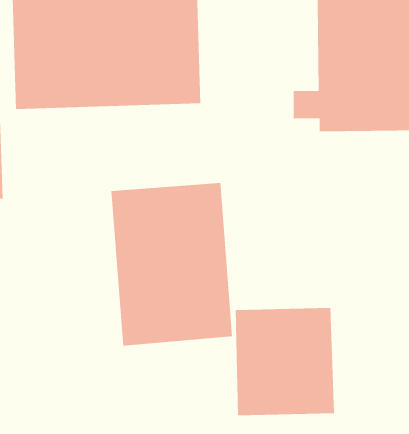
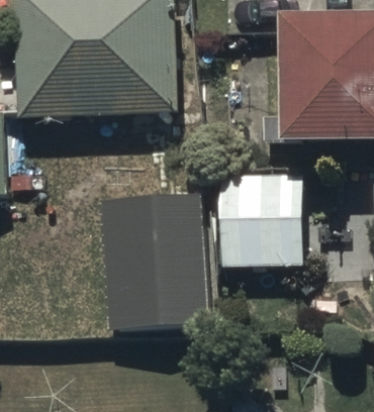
building: [235,308,335,416] -> [218,173,304,266]

